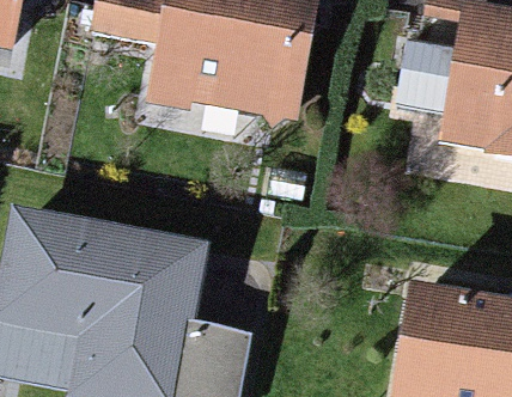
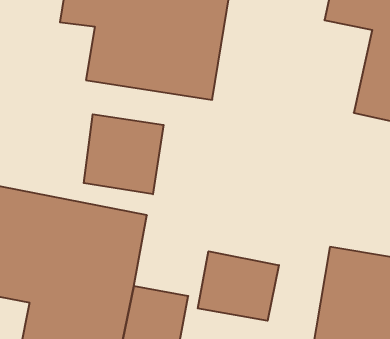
building: none -> [84,114,164,194]
building: none -> [198,251,279,321]

